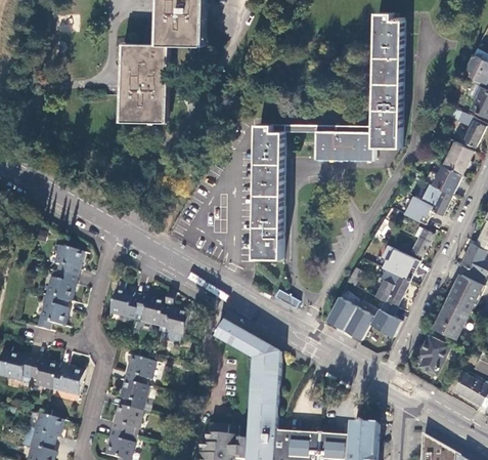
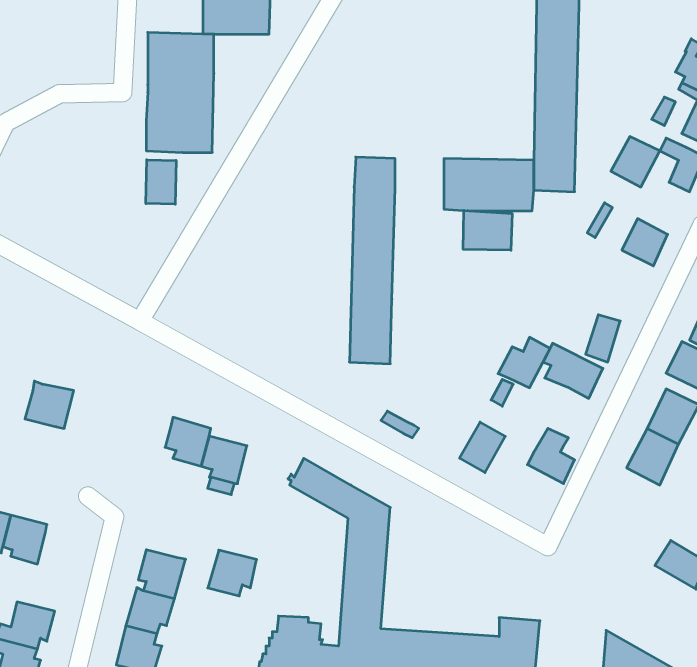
building: none -> [146,160,176,204]
building: [441,142,473,175] -> [611,137,660,187]
building: none -> [463,210,512,250]
building: [404,185,451,225] -> none
building: [51,245,81,277] -> none
building: [375,275,409,307] -> [498,337,550,388]
building: [108,288,138,320] -> none
building: [35,295,66,330] -> none
building: [342,306,373,340] -> none
building: [416,334,447,374] -> none
building: [122,356,153,385] -> [208,550,257,596]
building: [51,366,83,396] -> none

